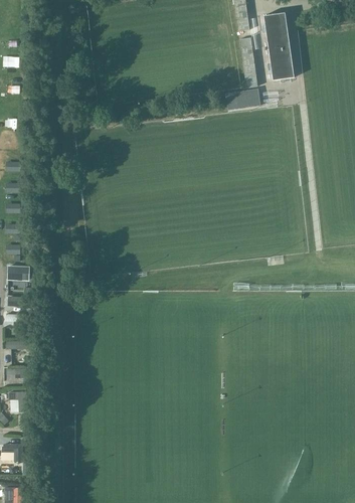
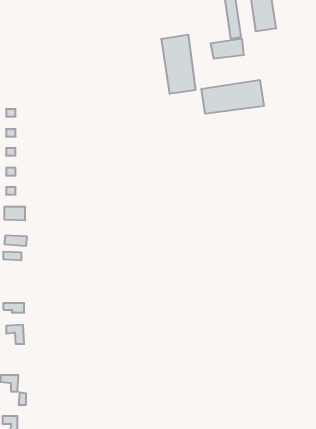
building: none -> [161,35,195,94]
building: none -> [202,80,264,114]

